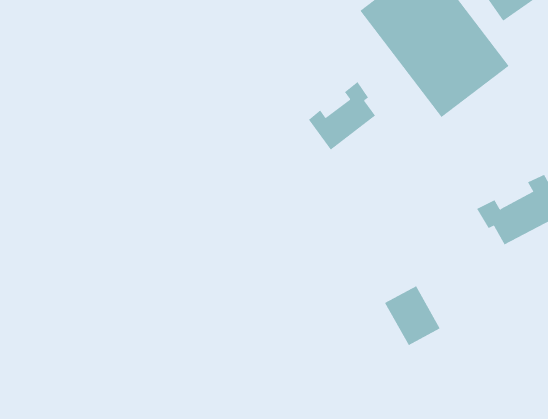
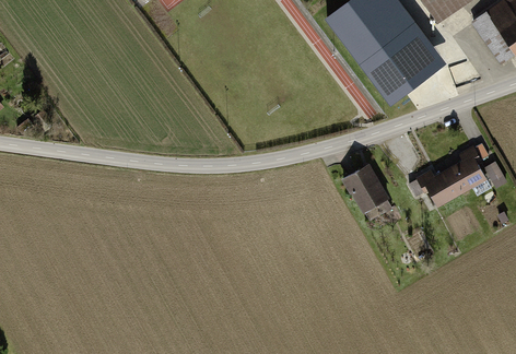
building: [308,81,376,150] -> none
building: [384,286,441,346] -> [342,164,388,213]

